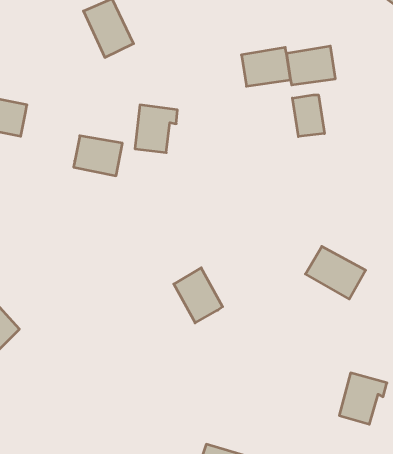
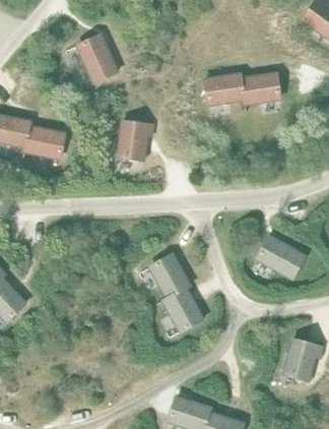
building: [292,95,324,137] -> none
building: [74,136,122,176] -> [24,126,64,159]
building: none -> [162,288,202,331]

